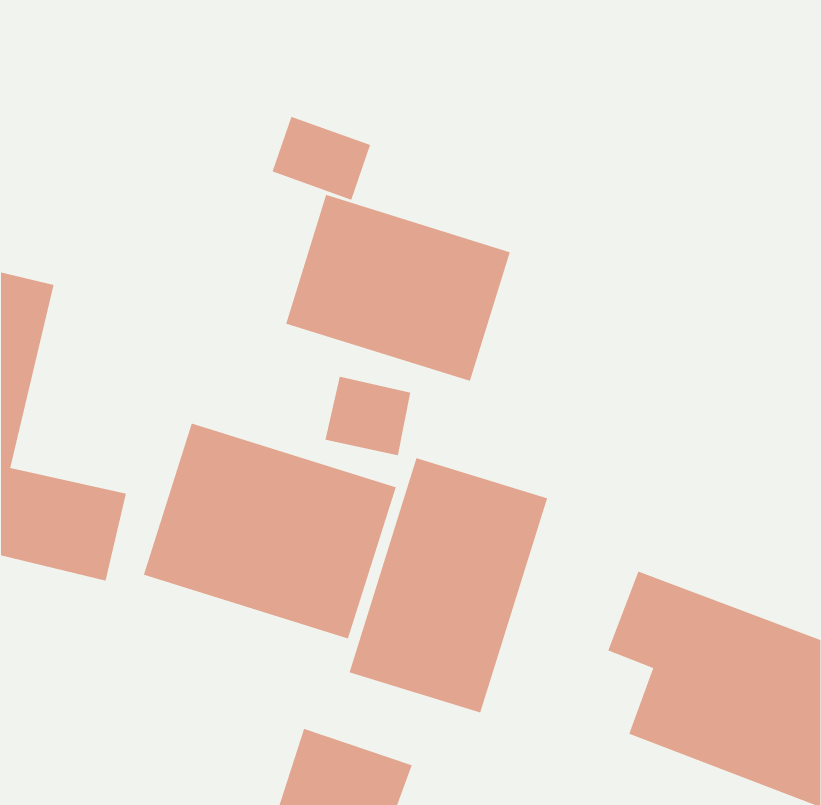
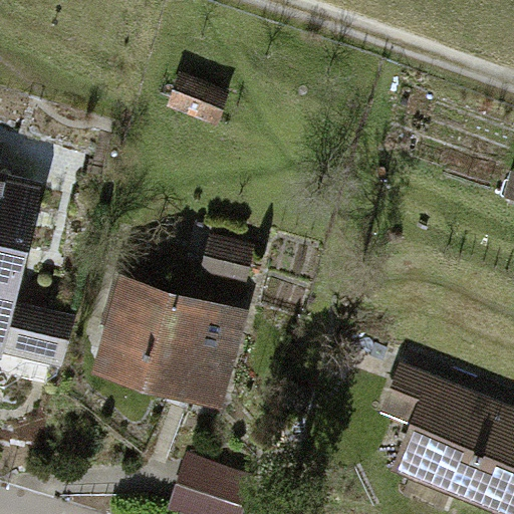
building: [285,194,511,382] -> none
building: [348,457,548,714] -> none

